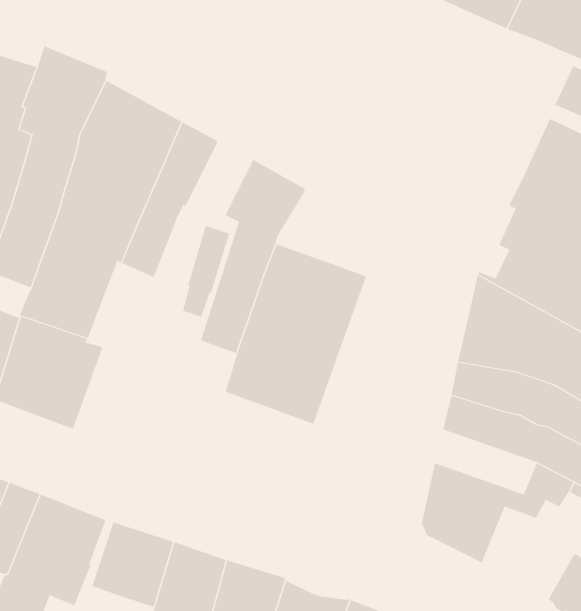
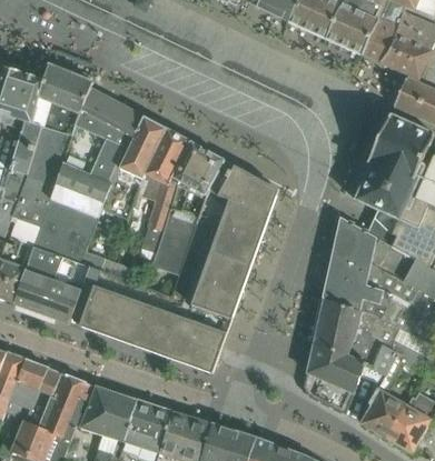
building: none -> [145,129,190,184]
building: none -> [206,164,277,220]
building: none -> [69,268,231,373]
building: none -> [313,323,382,367]
building: none -> [362,371,407,438]

